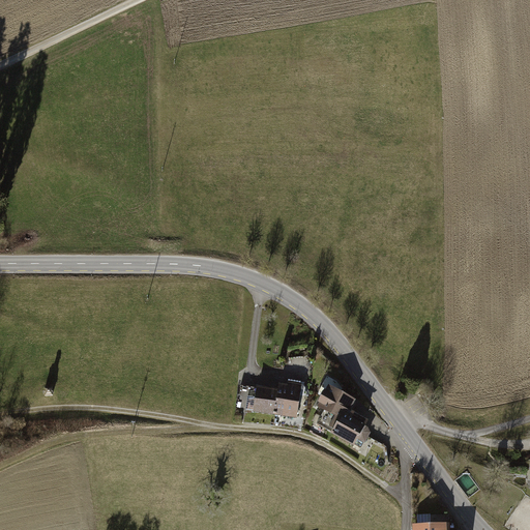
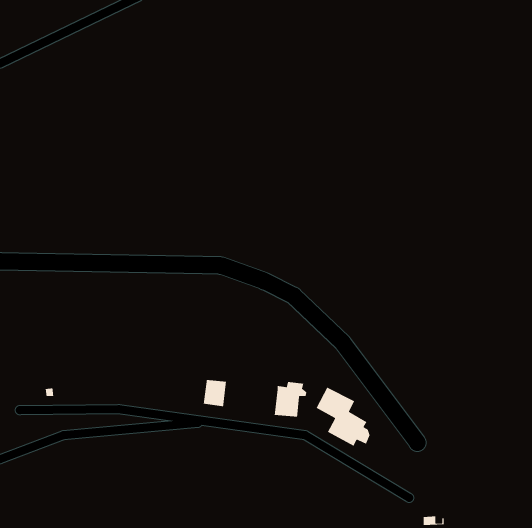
building: [252,385,275,413] -> [203,379,227,407]

